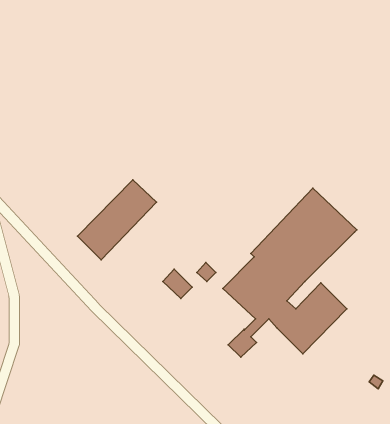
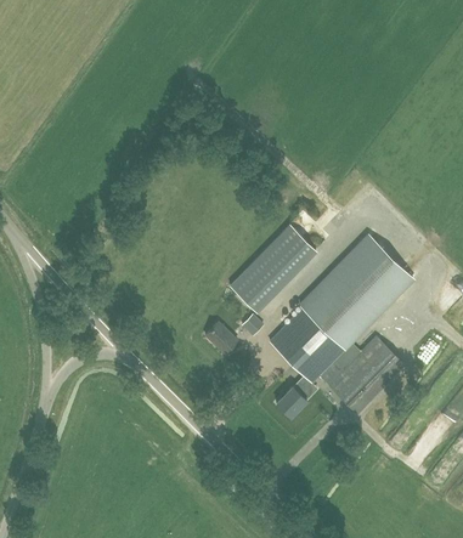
building: [77,180,156,260] -> [230,225,315,311]

